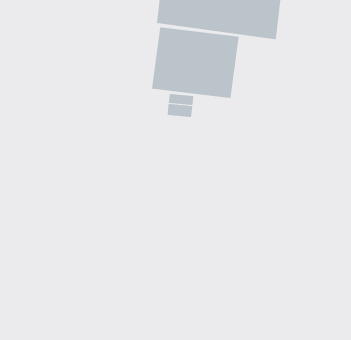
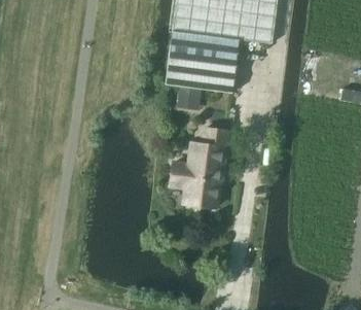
building: none -> [169,131,224,210]

